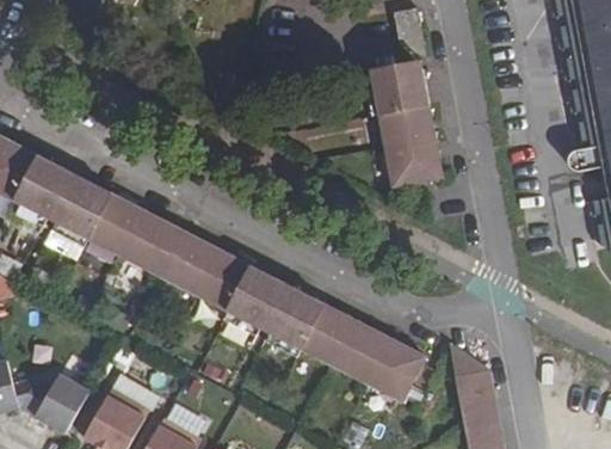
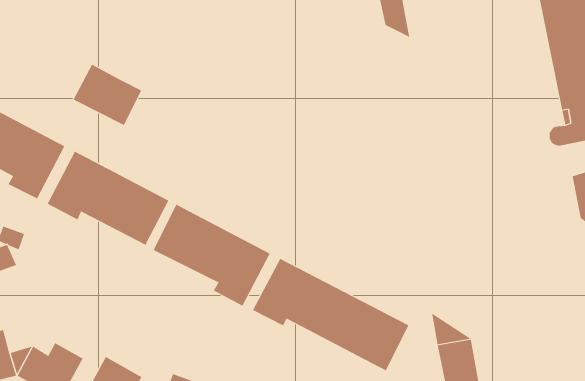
building: [372,68,444,189] -> none
building: none -> [73,64,142,126]

